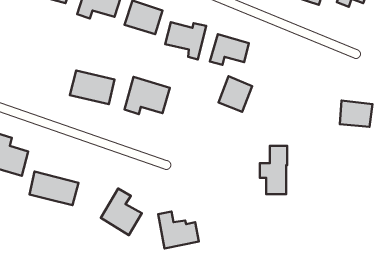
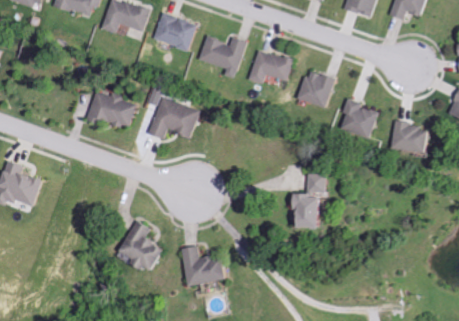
building: [218,76,252,112] -> [290,69,327,108]
building: none -> [333,98,370,139]
building: [29,172,79,205] -> none

